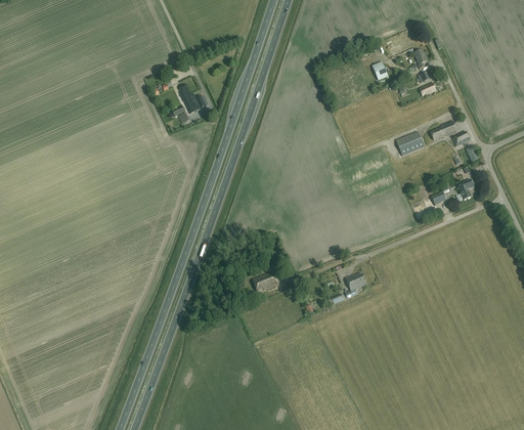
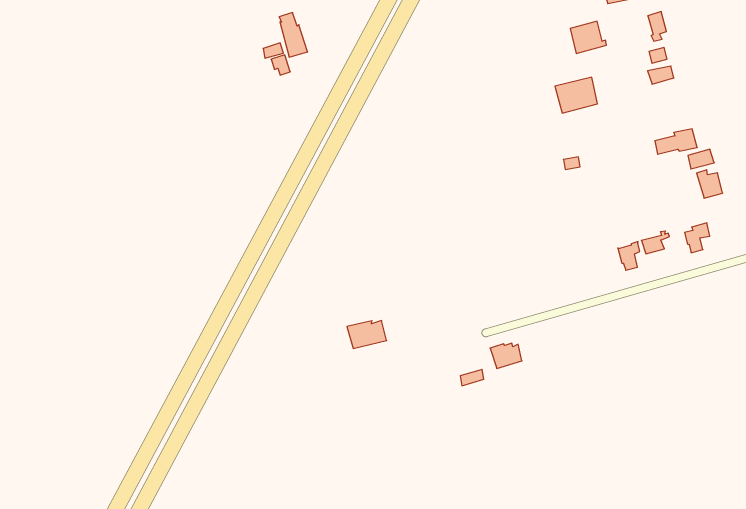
building: [395,130,424,156] -> [555,77,597,113]

